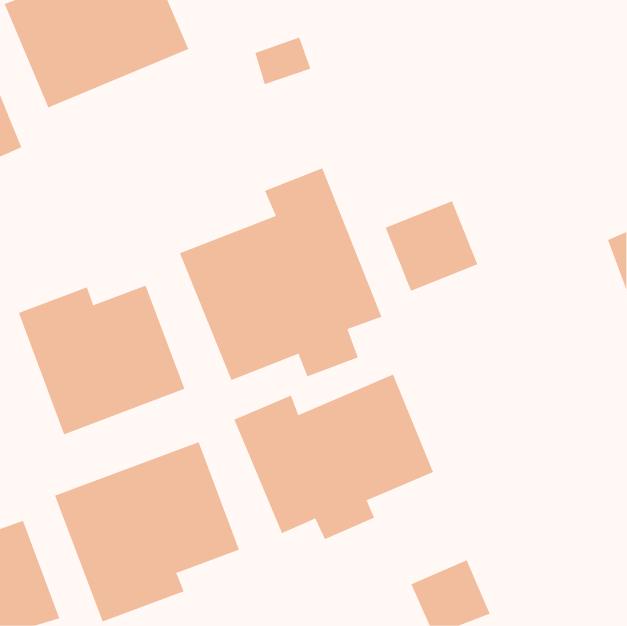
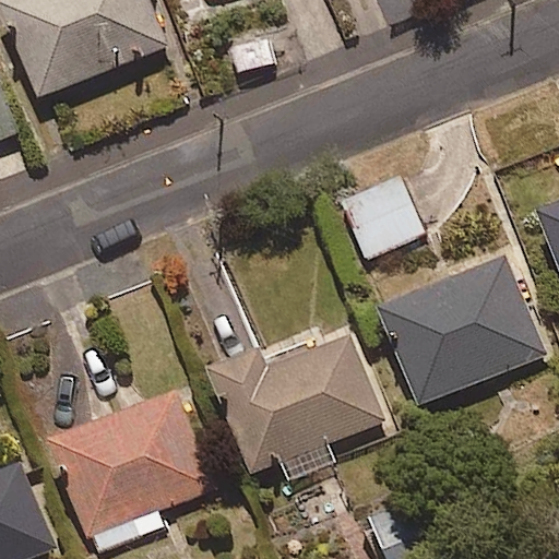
building: [179,168,382,381] -> none
building: [18,285,185,435] -> none
building: none -> [377,254,546,405]

